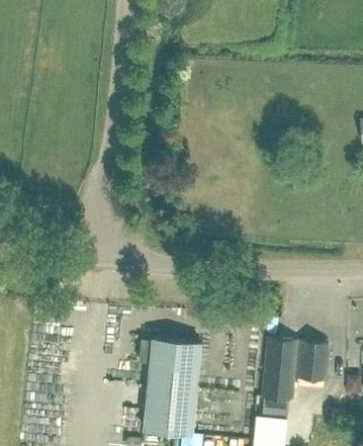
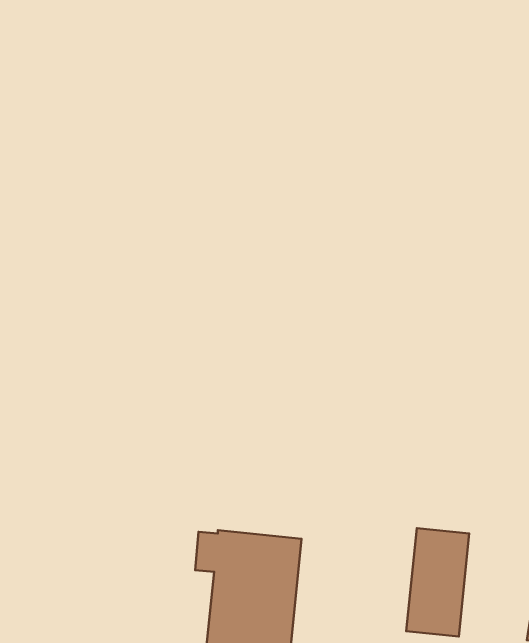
building: [293,344,328,385] -> none

